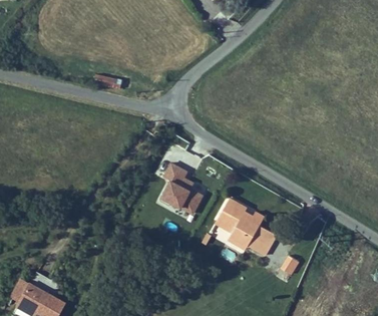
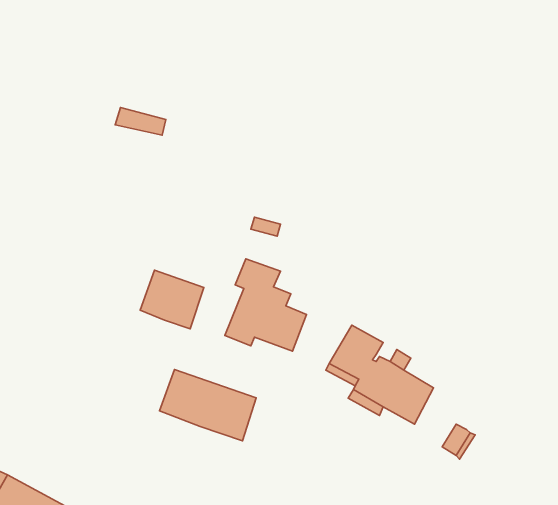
building: none -> [140,270,204,329]
building: none -> [159,369,256,441]

